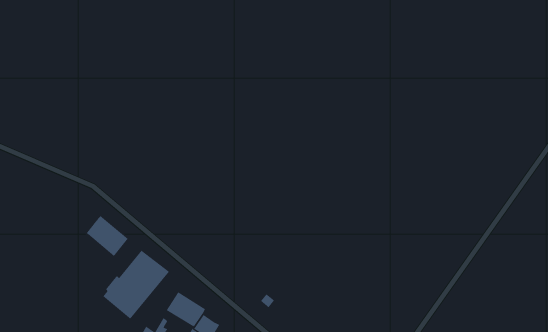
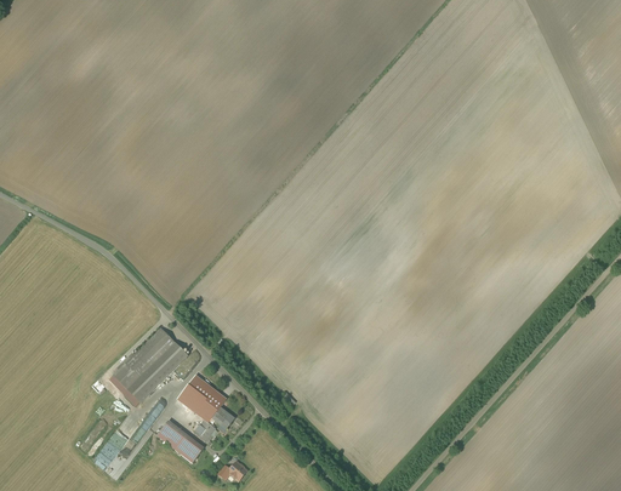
building: [86,215,129,257] -> none

